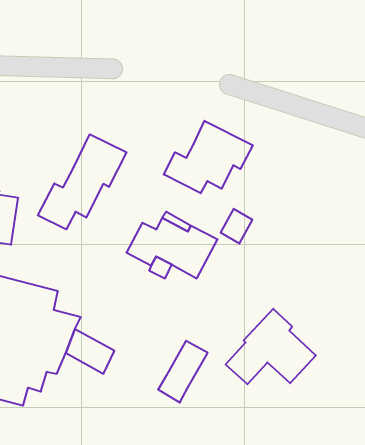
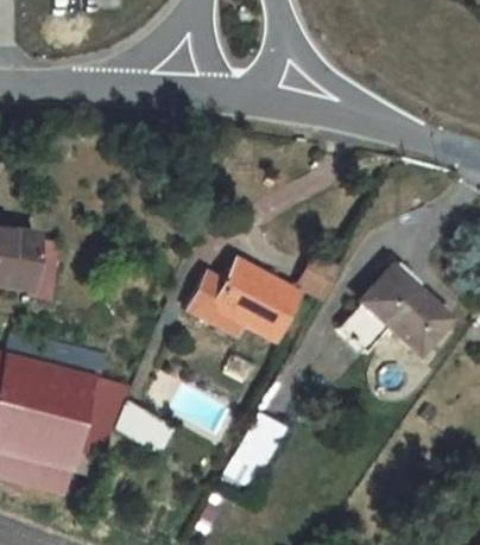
building: [164,121,253,193] -> none
building: [38,134,127,229] -> none
building: [226,309,316,384] -> [340,262,448,353]

